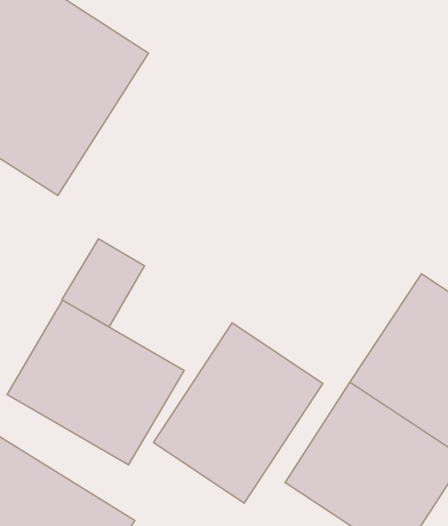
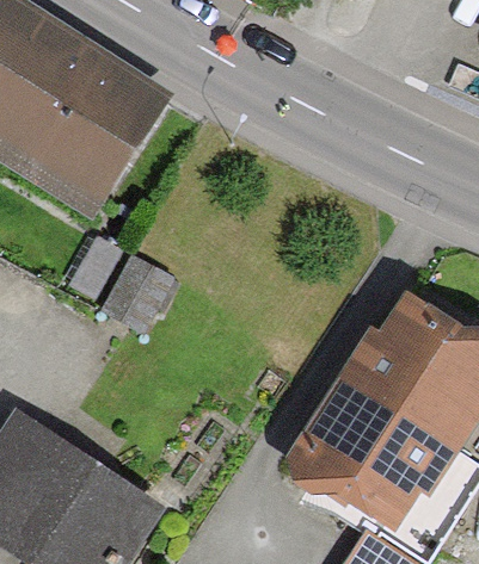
building: [7,300,184,465] -> none
building: [154,323,323,503] -> none

